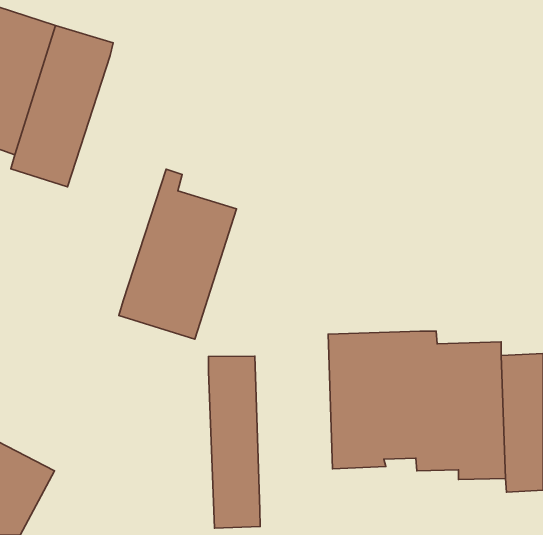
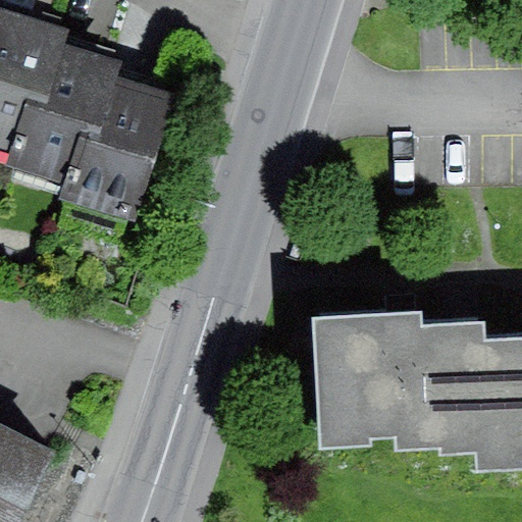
building: [119,169,237,339] -> [60,53,172,215]
building: [209,356,260,528] -> none

